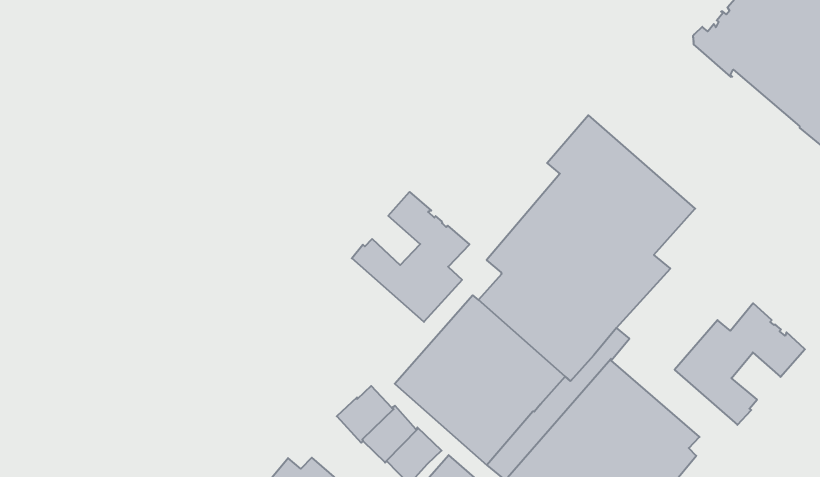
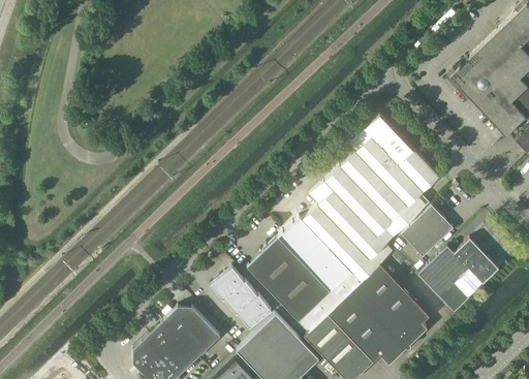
building: [352,192,469,322] -> none
building: none -> [401,207,454,258]

